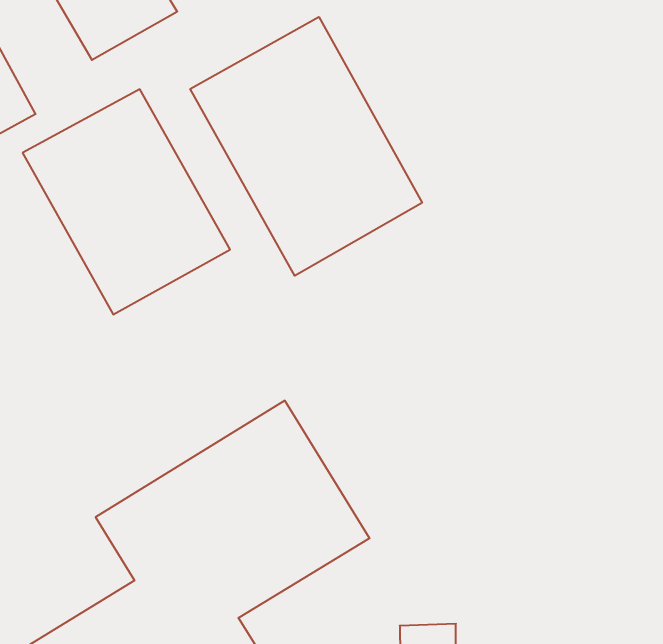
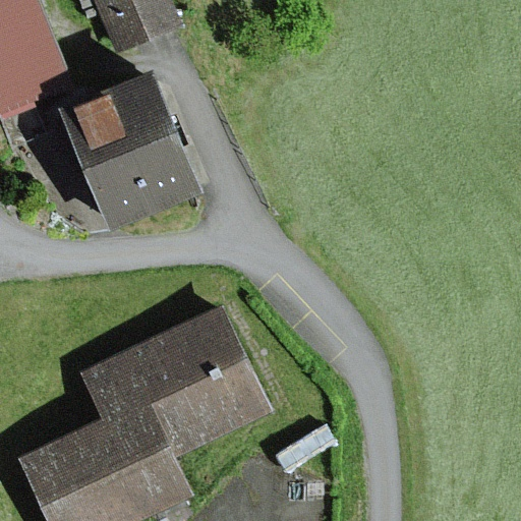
building: [190,17,422,276] -> none

